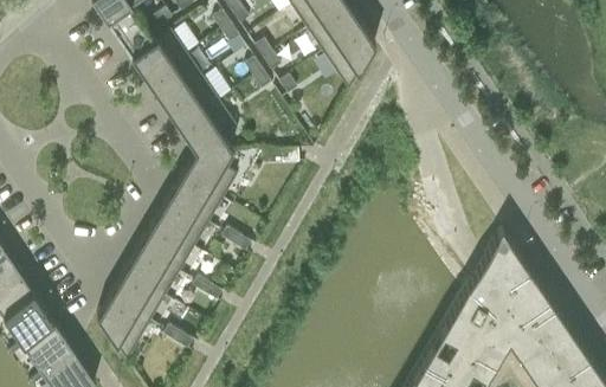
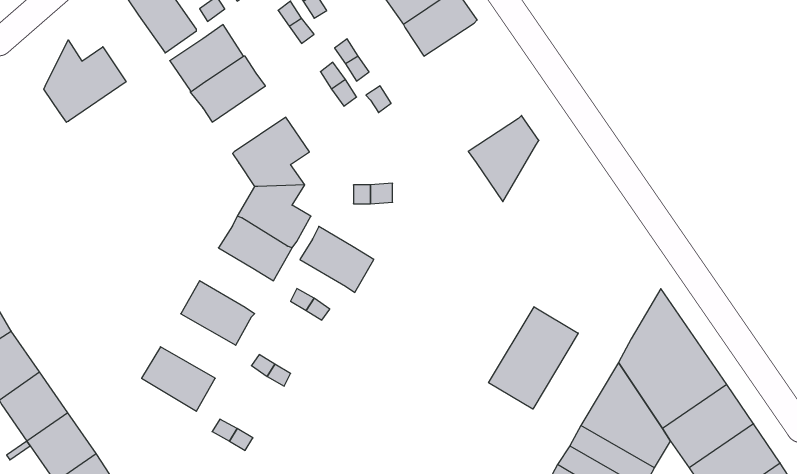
building: [323,28,376,93] -> [468,115,539,202]
building: none -> [44,40,126,122]
building: [163,78,219,129] -> none
building: [154,200,209,250] -> [300,226,374,292]
building: none -> [489,307,578,409]
building: [124,250,181,298] -> none
building: [98,298,152,363] -> none

